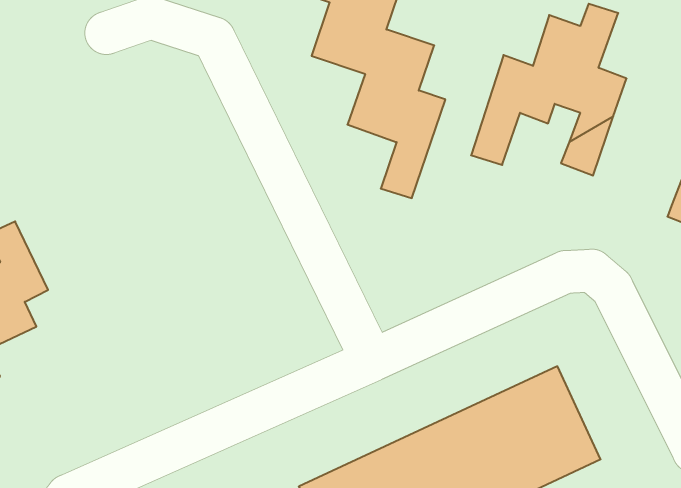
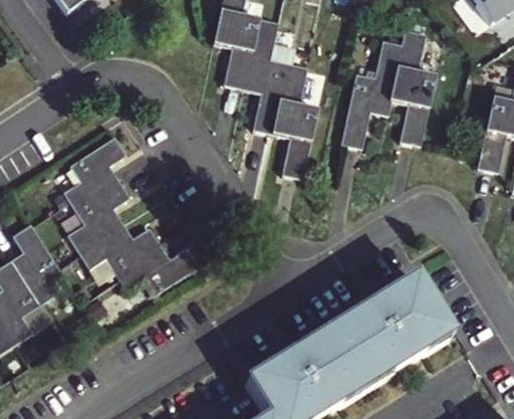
building: none -> [62,136,197,293]

